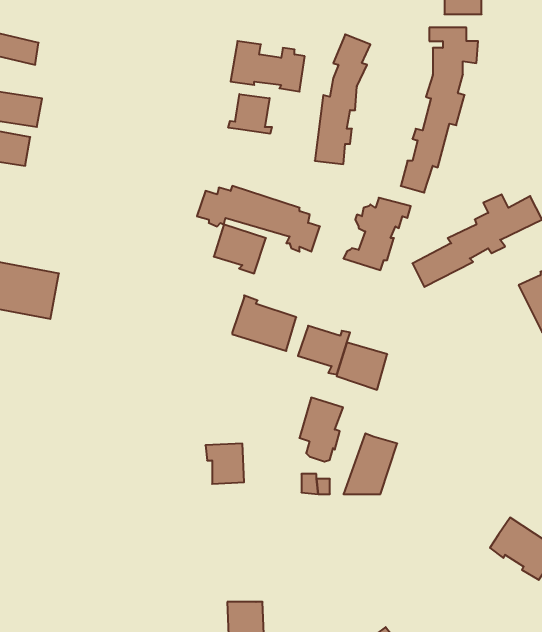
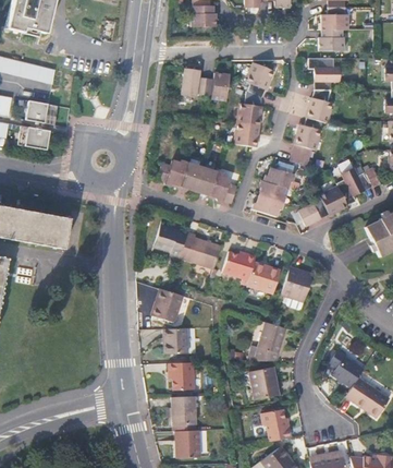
building: [228,94,272,134] -> none
building: [214,225,266,273] -> [155,225,188,256]
building: none -> [153,288,184,322]
building: [299,398,343,462] -> [283,267,311,309]
building: none -> [329,348,366,387]
building: none -> [169,362,195,389]
building: none -> [253,367,280,399]
building: none -> [172,396,196,424]
building: none -> [262,409,293,442]

